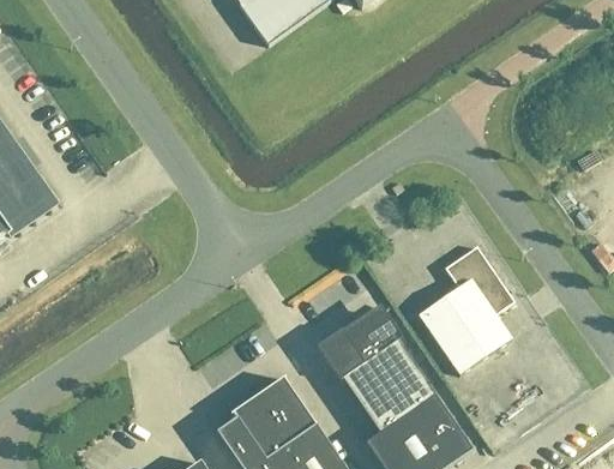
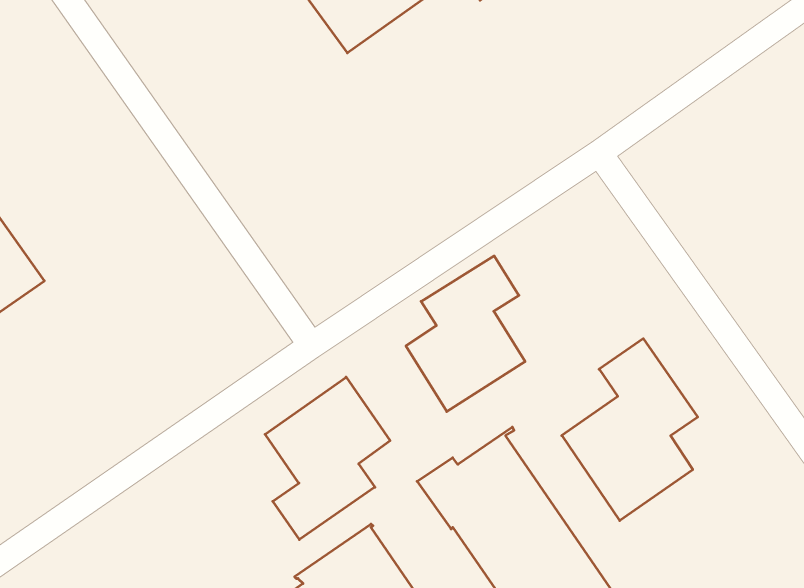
building: none -> [406,256,525,412]
building: none -> [265,377,390,540]

